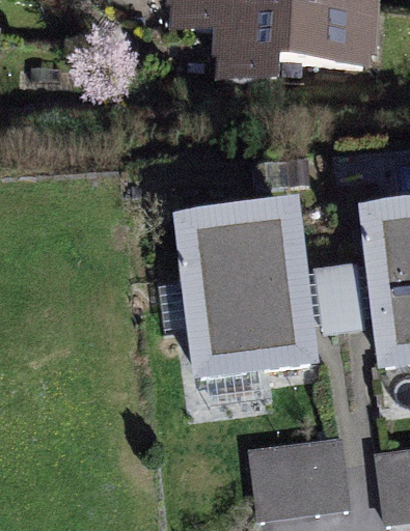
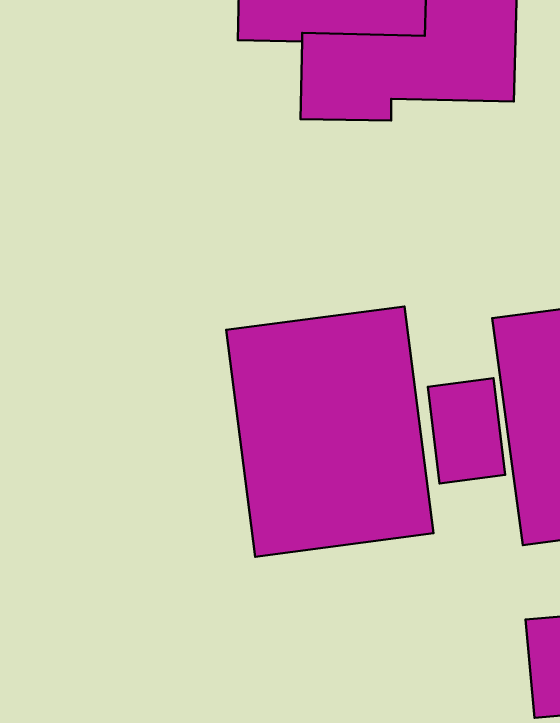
building: [256,428,354,505] -> none

